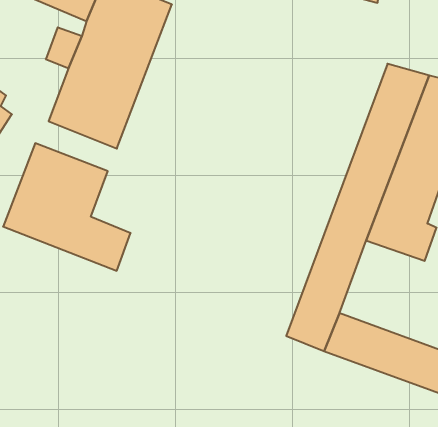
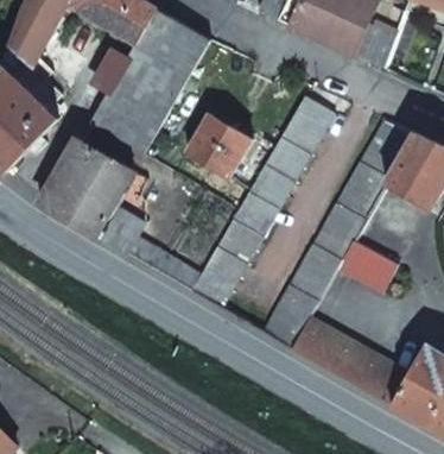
building: none -> [191,96,332,310]
building: none -> [186,118,248,177]

